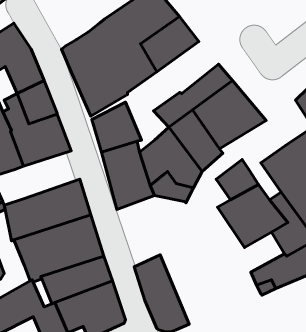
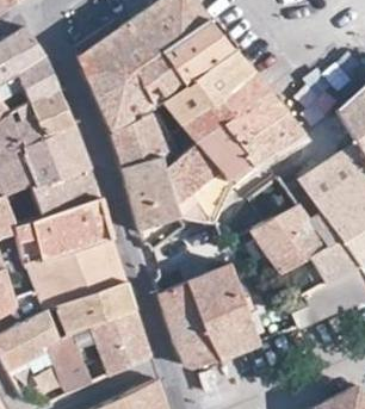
building: none -> [163,51,252,124]
building: none -> [27,168,99,221]
building: none -> [187,265,260,359]

